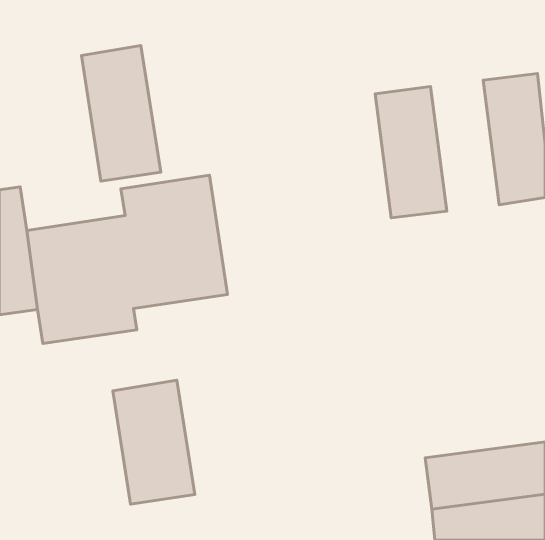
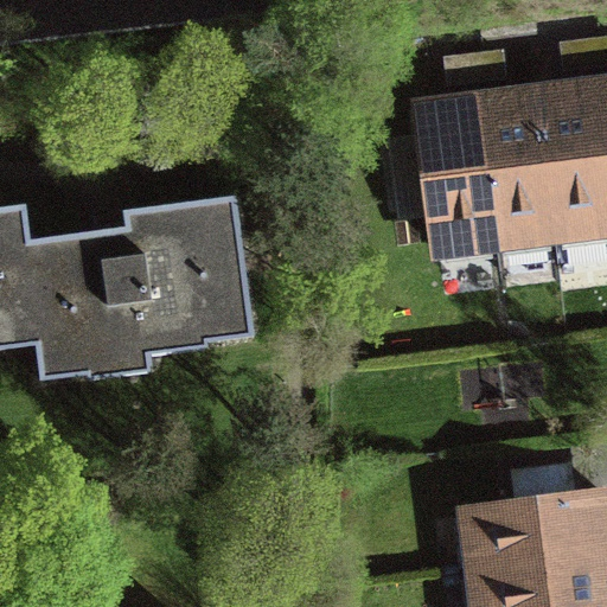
building: [81,46,161,181] -> none
building: none -> [478,89,554,235]
building: [113,380,195,504] -> none

